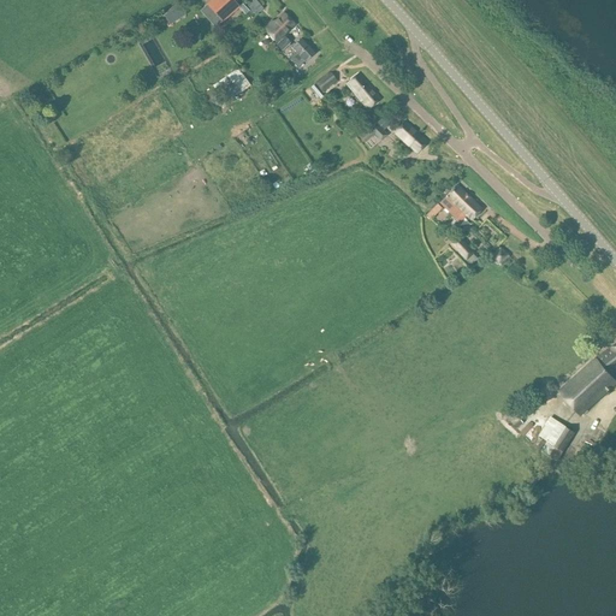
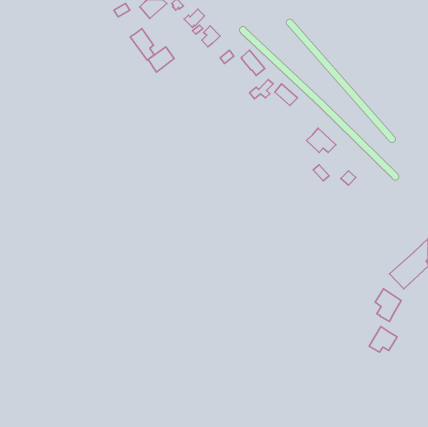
building: none -> [130,28,154,60]
building: none -> [369,327,397,352]

